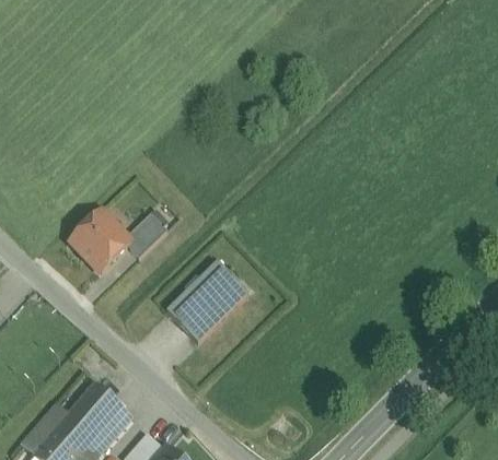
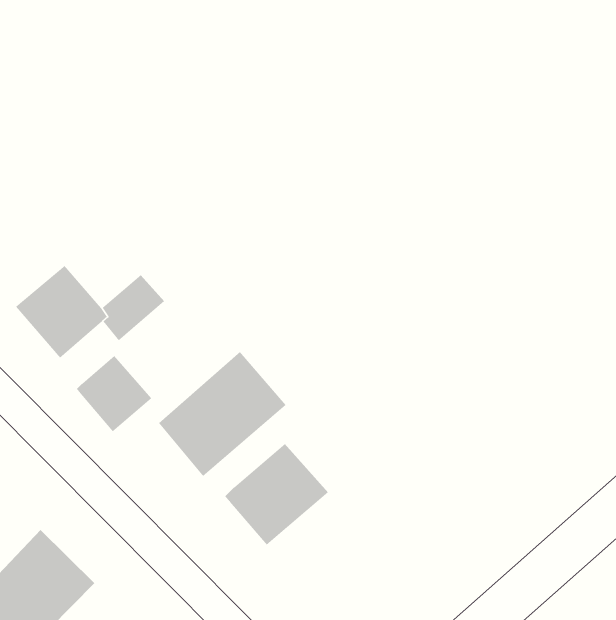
building: none -> [76,355,152,432]
building: none -> [225,443,329,546]

